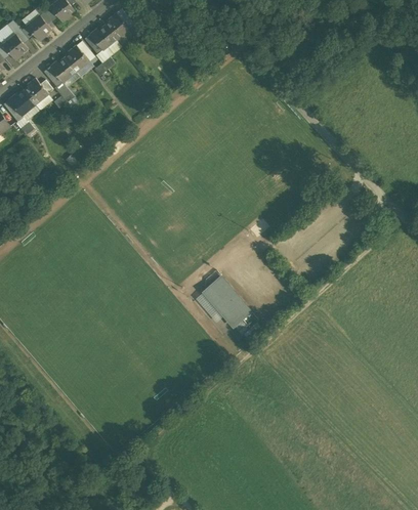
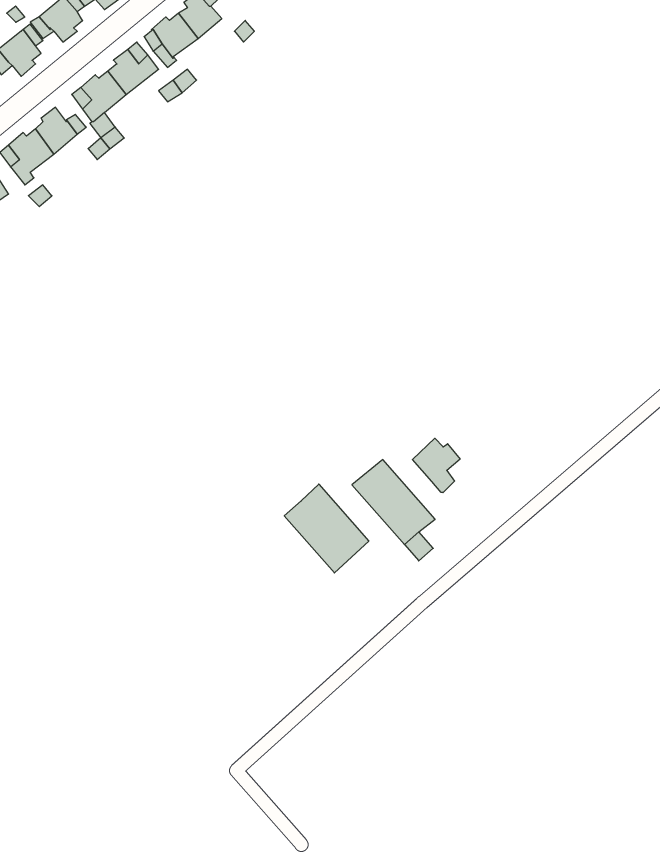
building: none -> [412,438,460,493]
building: none -> [284,484,369,573]

